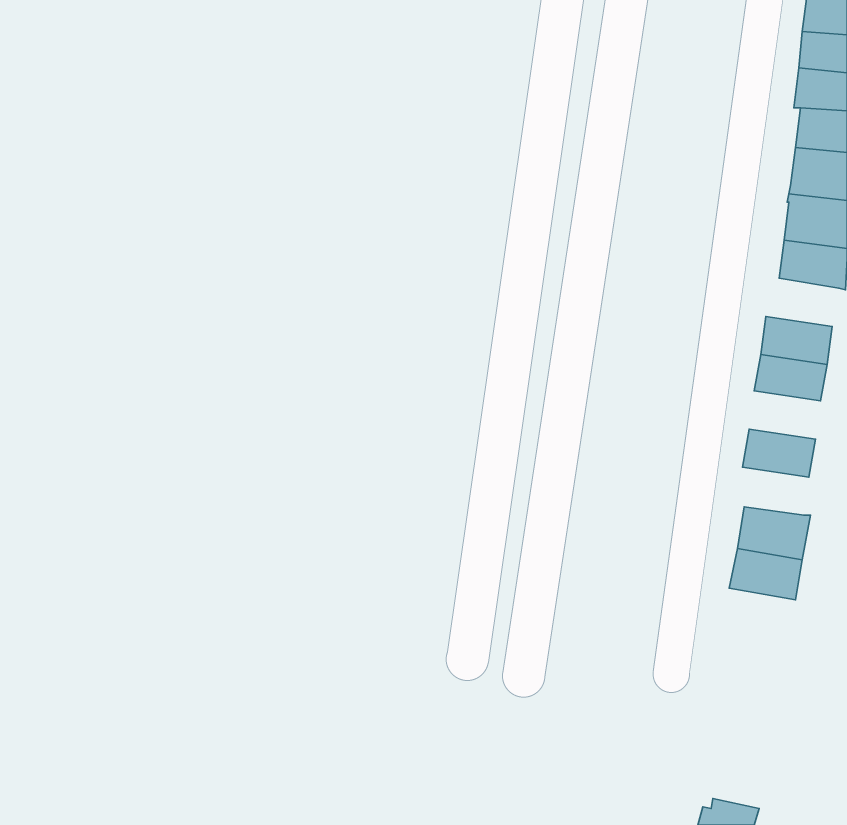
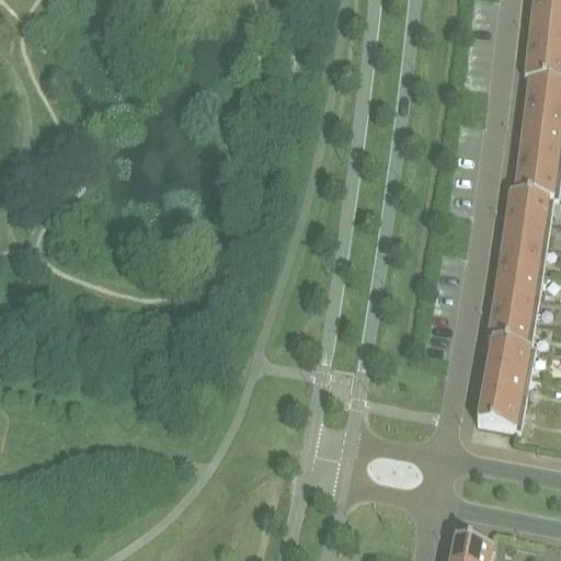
building: none -> [506,184,554,216]
building: none -> [495,259,542,290]
building: none -> [488,309,535,341]
building: none -> [477,389,526,424]

